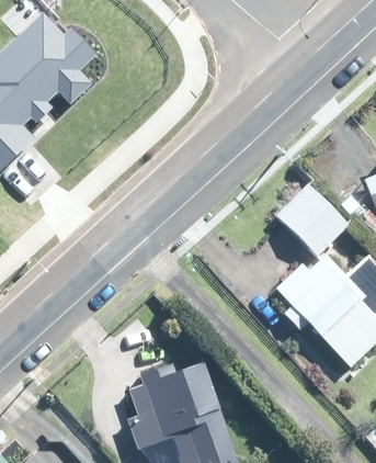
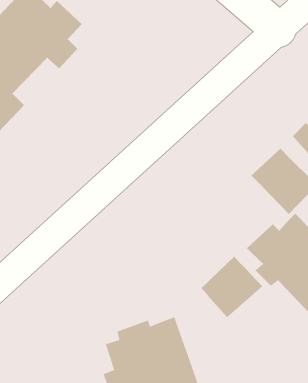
building: none -> [200,256,263,318]

